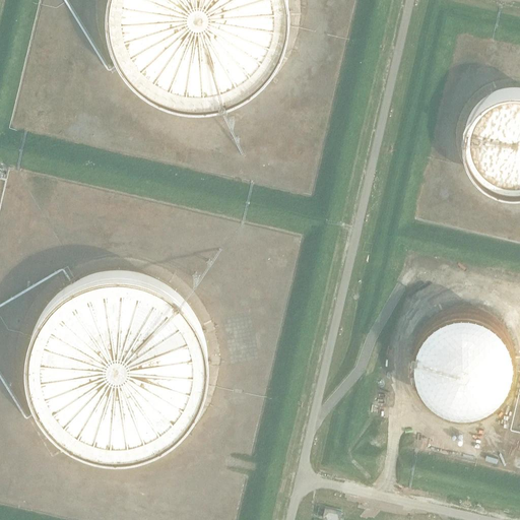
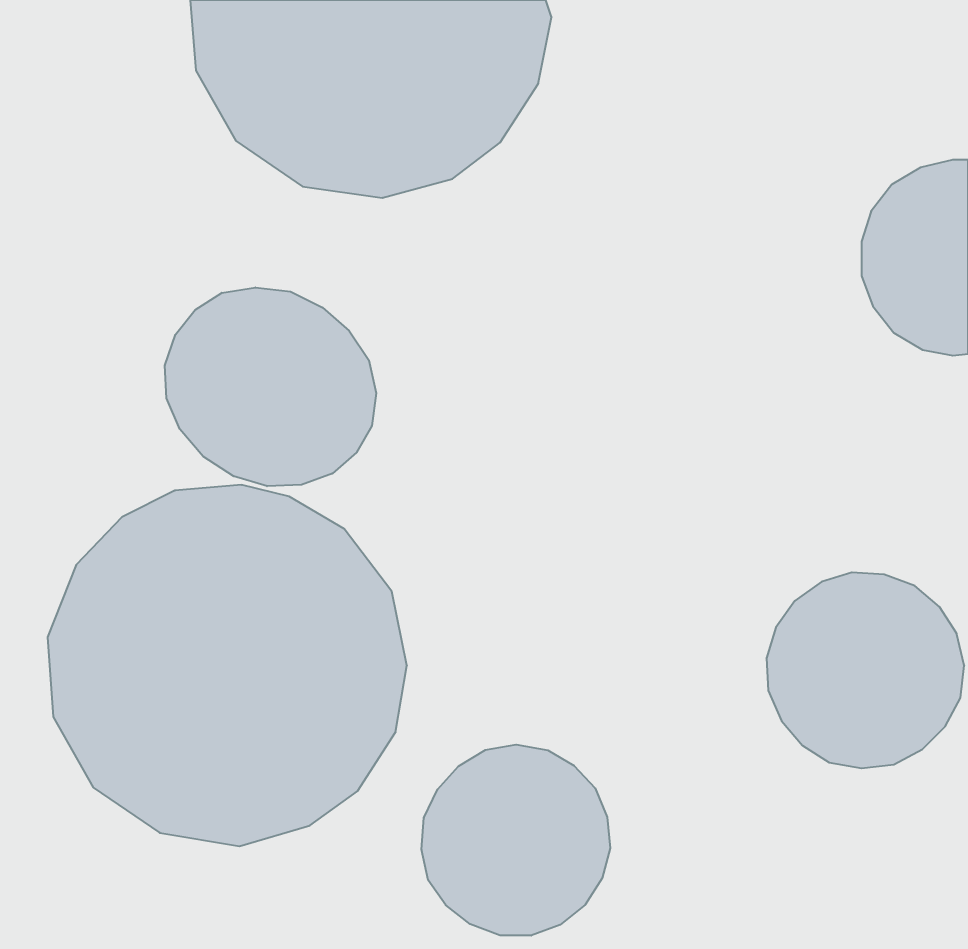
building: none -> [165,287,376,486]
building: none -> [422,745,610,936]

